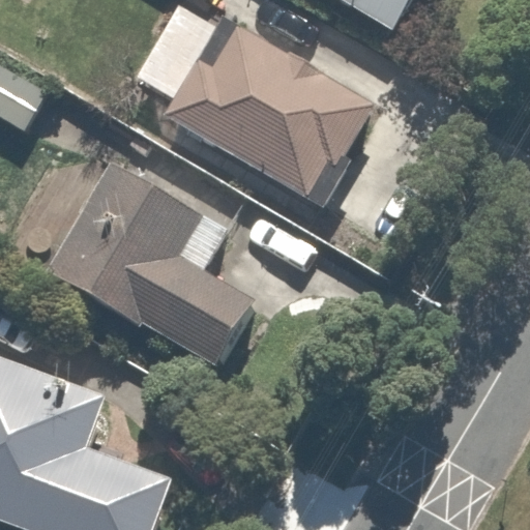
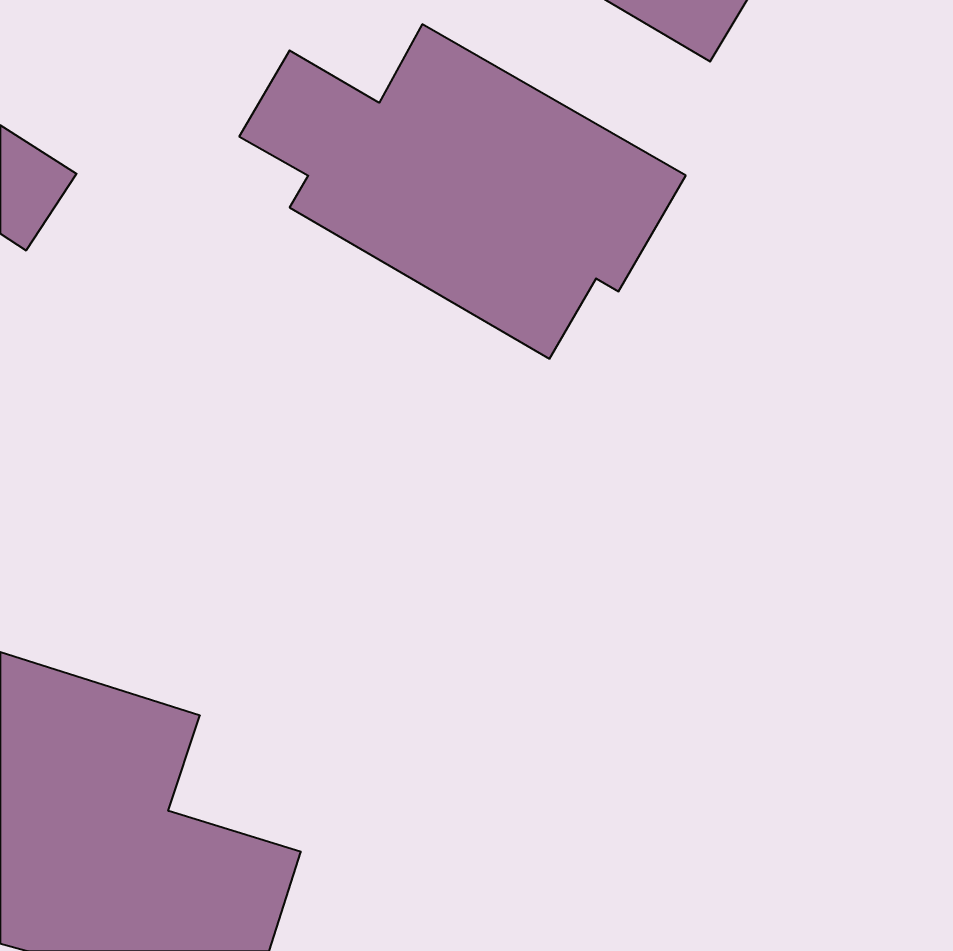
building: [47,166,247,369] -> none

